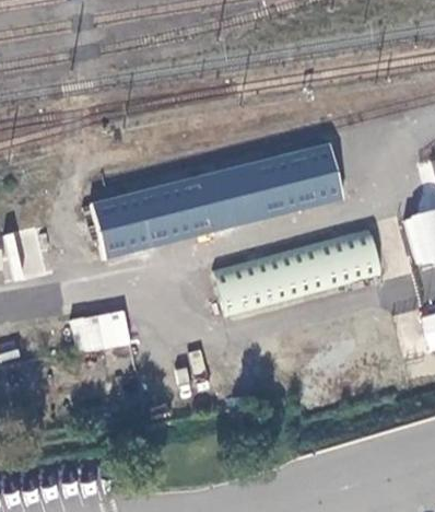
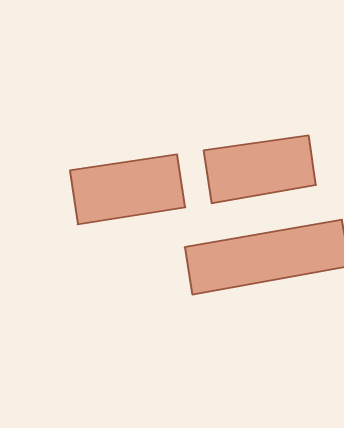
building: [196,172,235,231] -> none
building: [72,310,132,353] -> none

